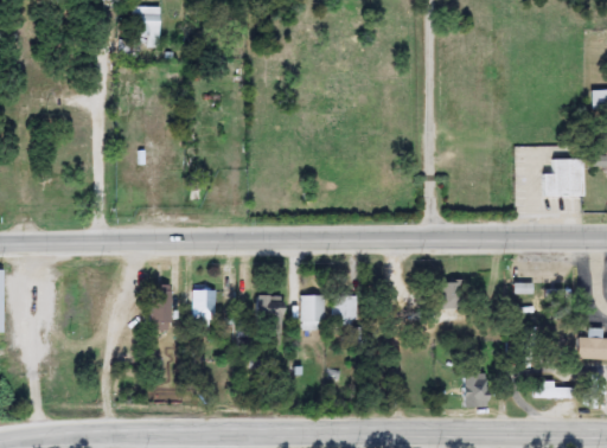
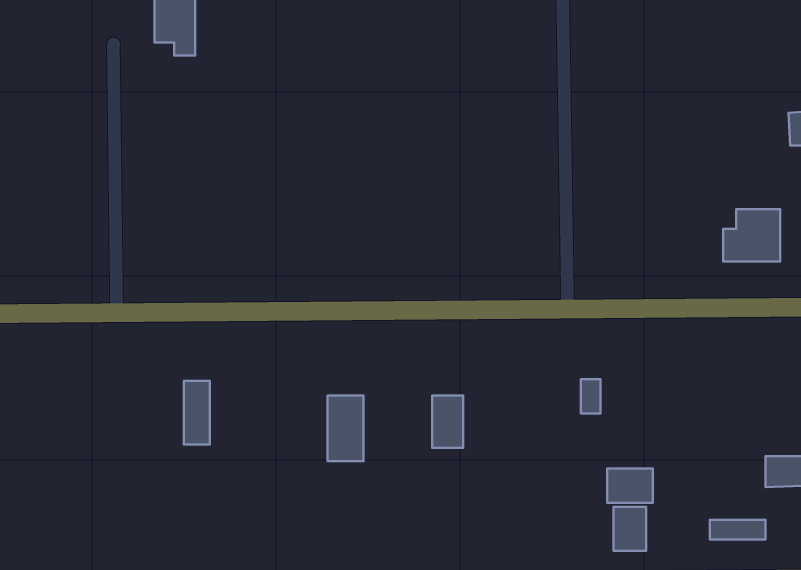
building: [193,289,216,315] -> none
building: [300,294,324,331] -> none
building: none -> [607,468,653,503]

